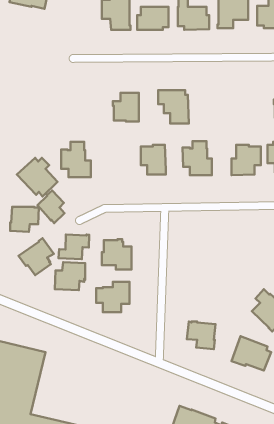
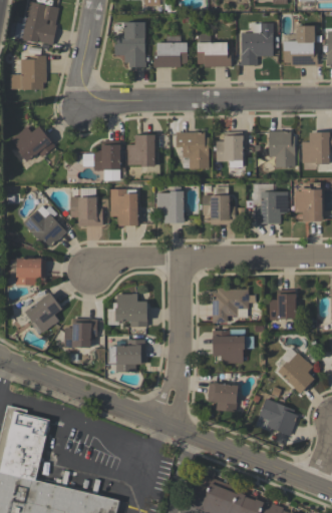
building: none -> [10,55,45,89]
building: none -> [11,126,55,161]
building: none -> [216,131,243,167]
building: none -> [268,131,295,167]
building: none -> [82,141,120,180]
building: none -> [109,189,137,226]
building: [38,191,64,223] -> none
building: none -> [211,289,255,323]
building: [59,235,89,259] -> none
building: none -> [269,290,295,320]
building: none -> [212,331,244,364]

